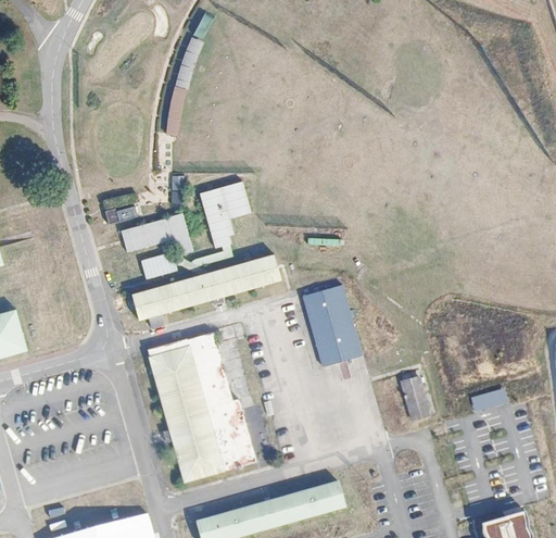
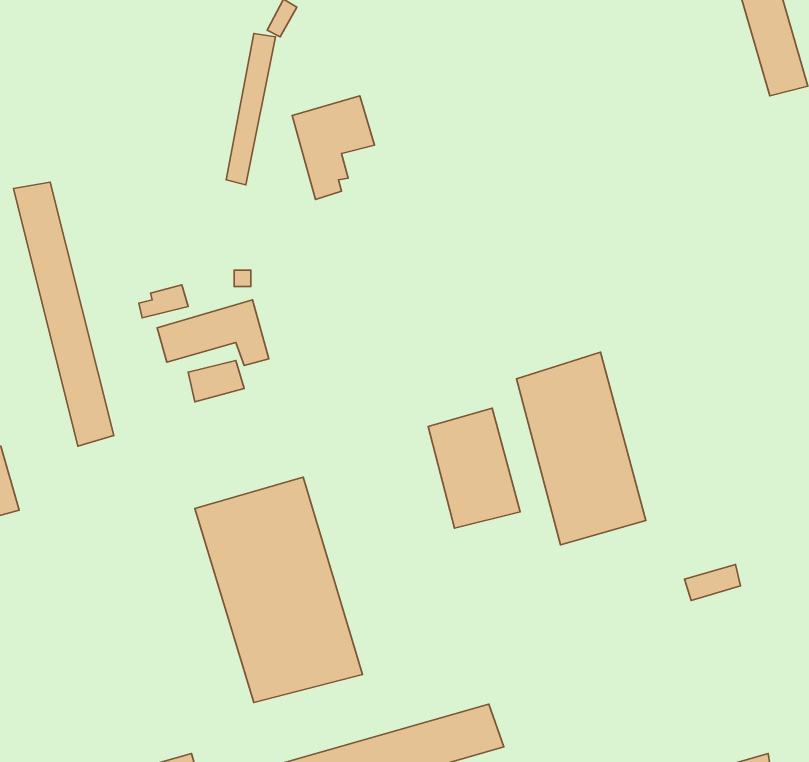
building: none -> [14,182,114,446]
building: [199,180,253,249] -> [292,96,374,199]
building: none -> [516,352,646,545]
building: [132,253,282,322] -> none
building: [399,375,428,420] -> none

